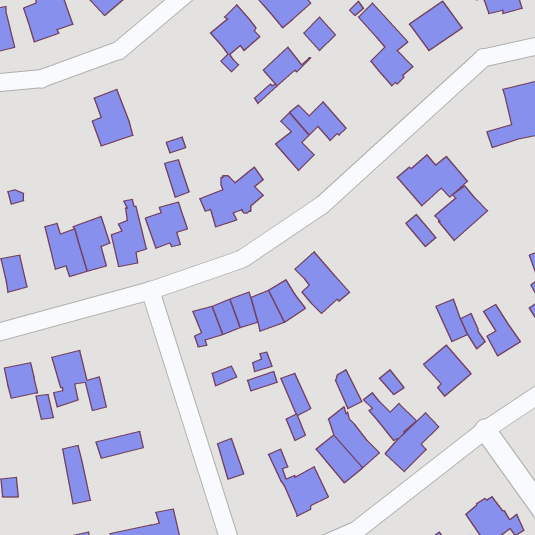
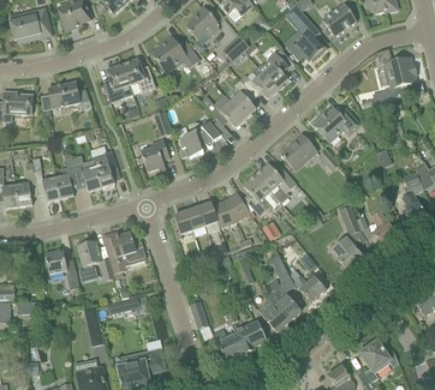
building: none -> [151,34,198,73]
building: none -> [257,48,296,89]
building: none -> [121,58,155,90]
building: none -> [47,80,91,107]
building: none -> [210,94,245,126]
building: [435,186,488,241] -> [281,133,317,170]
building: [111,199,147,266] -> [55,151,79,197]
building: none -> [256,162,296,192]
building: none -> [106,230,145,272]
building: [385,413,439,472] -> none
building: none -> [213,328,244,360]

